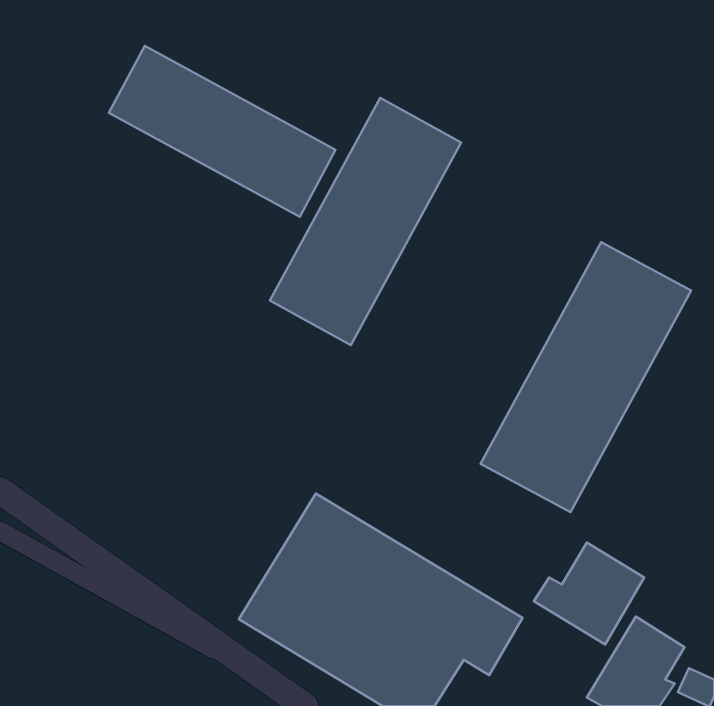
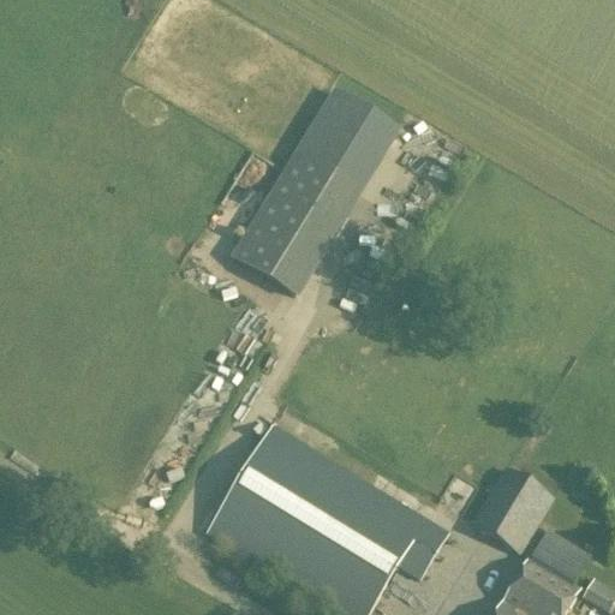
building: [109,46,336,217] -> none
building: [480,242,691,512] -> none

